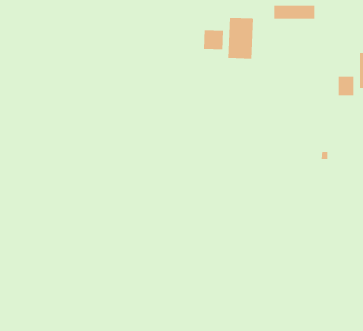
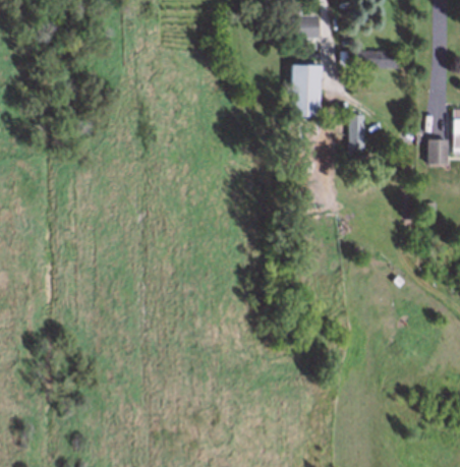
building: [203,29,224,50] -> none
building: none -> [351,115,366,149]

